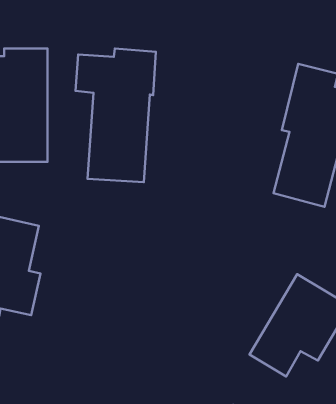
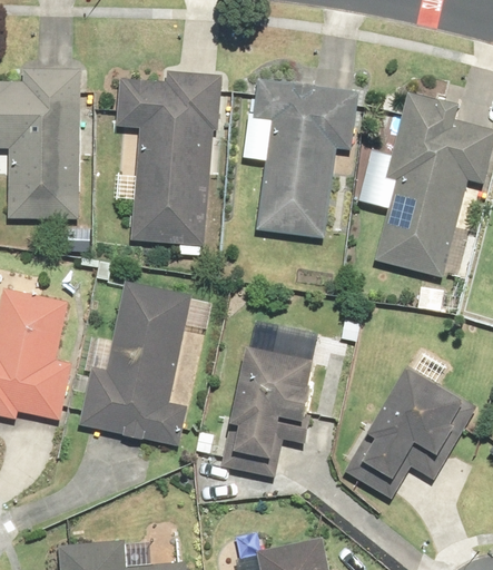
building: none -> [253,81,359,237]
building: none -> [79,283,193,445]
building: none -> [223,346,314,478]

